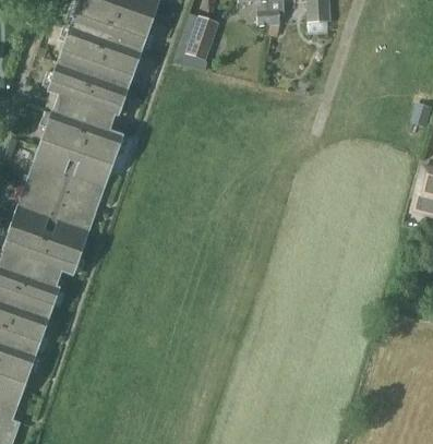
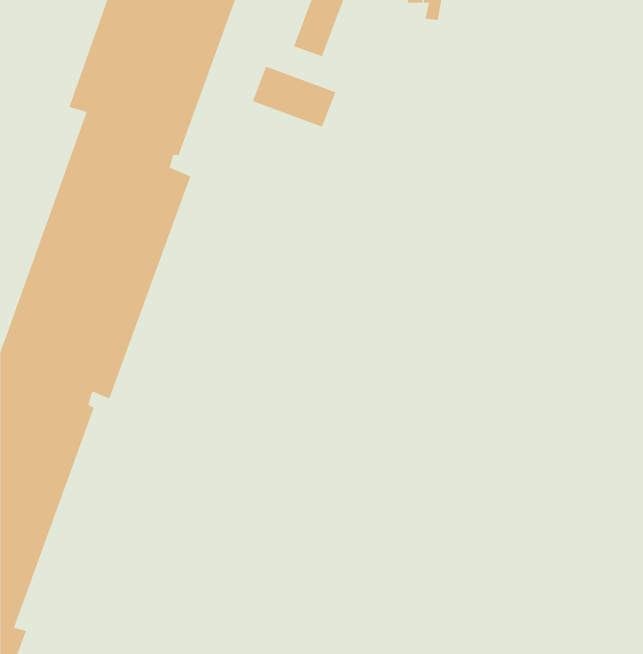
building: none -> [252,66,336,127]

